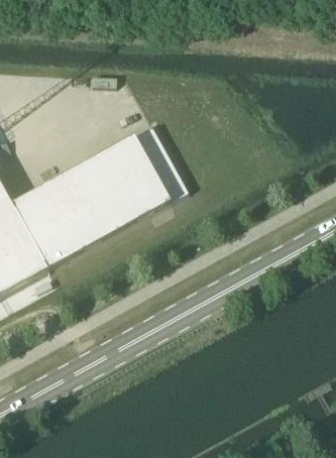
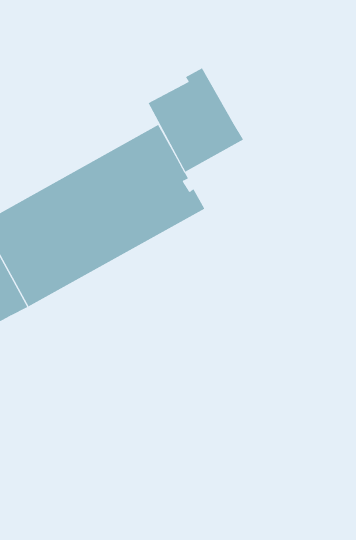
building: none -> [148,68,244,172]

